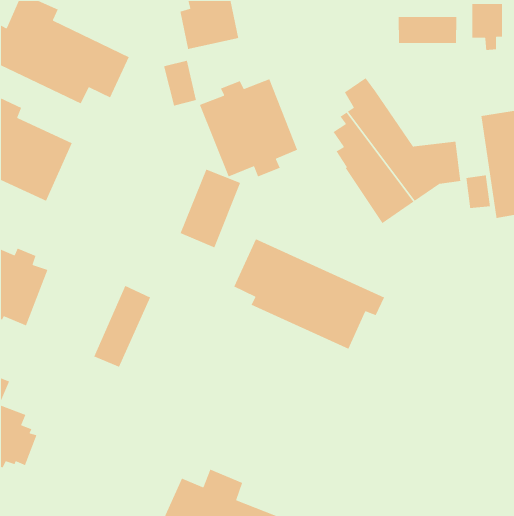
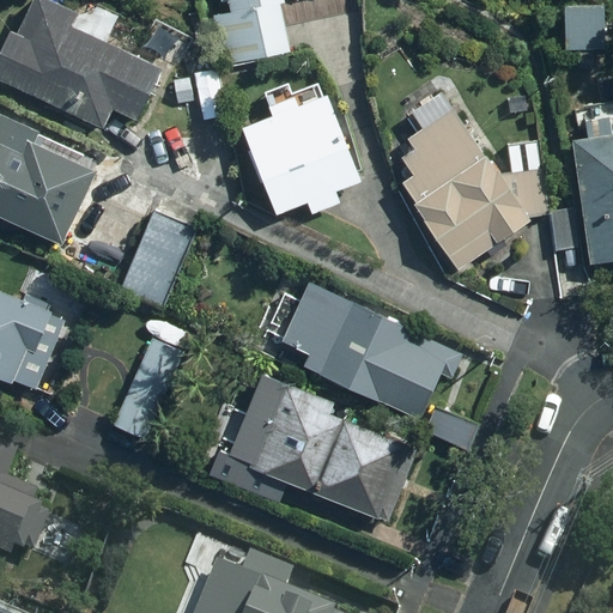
building: [398,16,457,44] -> none
building: [179,168,241,249] -> [121,212,194,306]
building: none -> [245,375,415,521]

